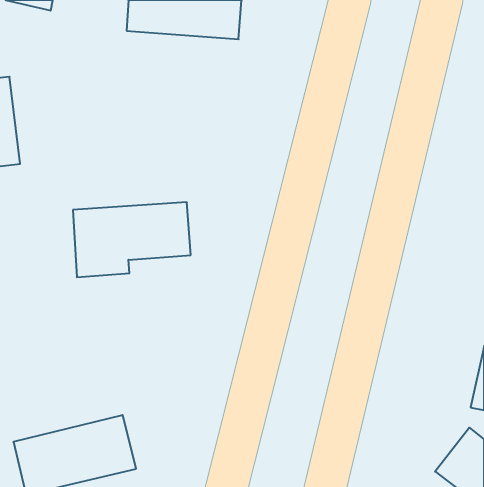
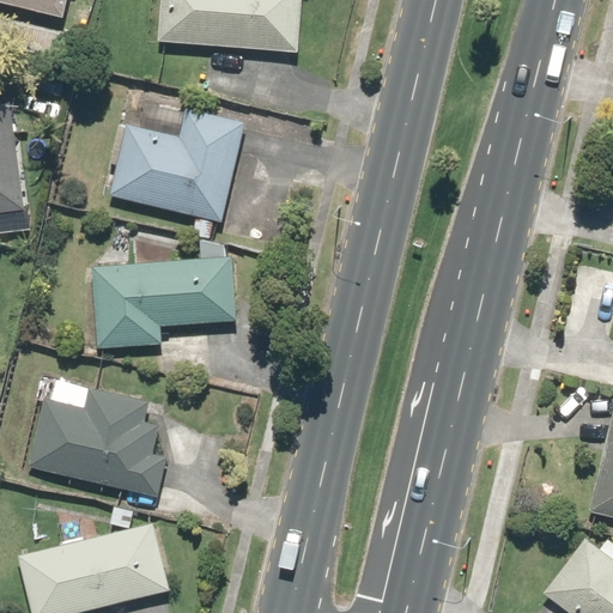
building: none -> [109,108,245,223]
building: none -> [28,387,166,497]

